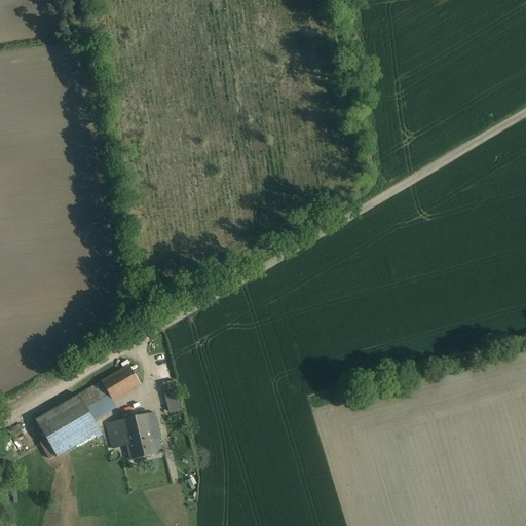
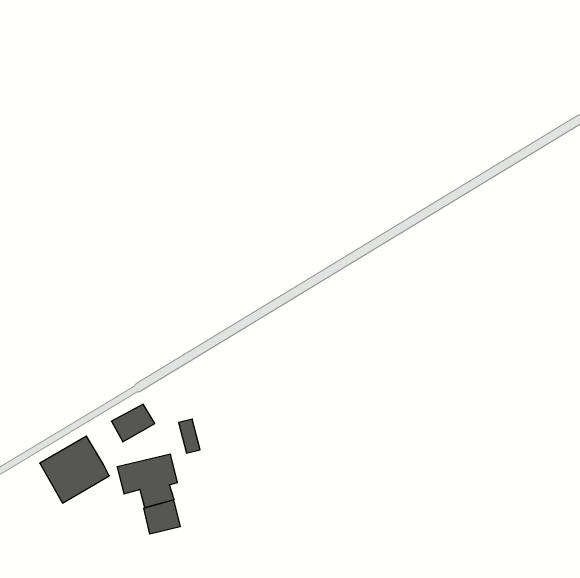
building: [78,381,115,420] -> none
building: none -> [144,500,180,534]

